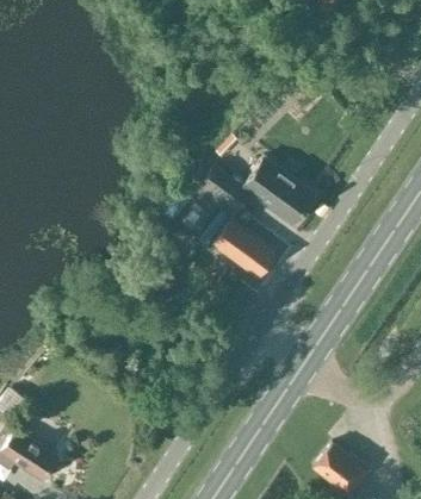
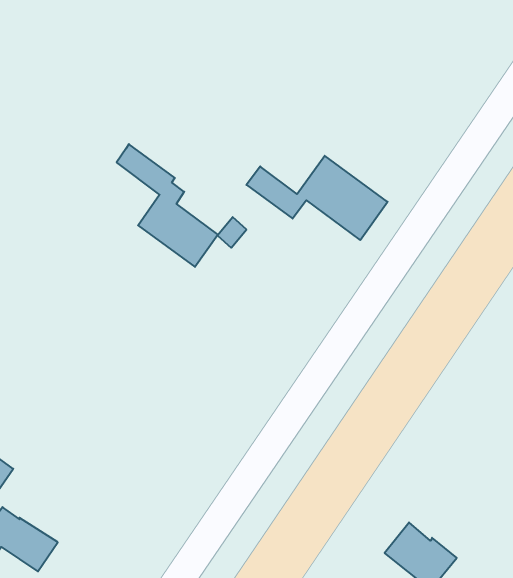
building: [196,183,274,279] -> [117,144,218,267]

